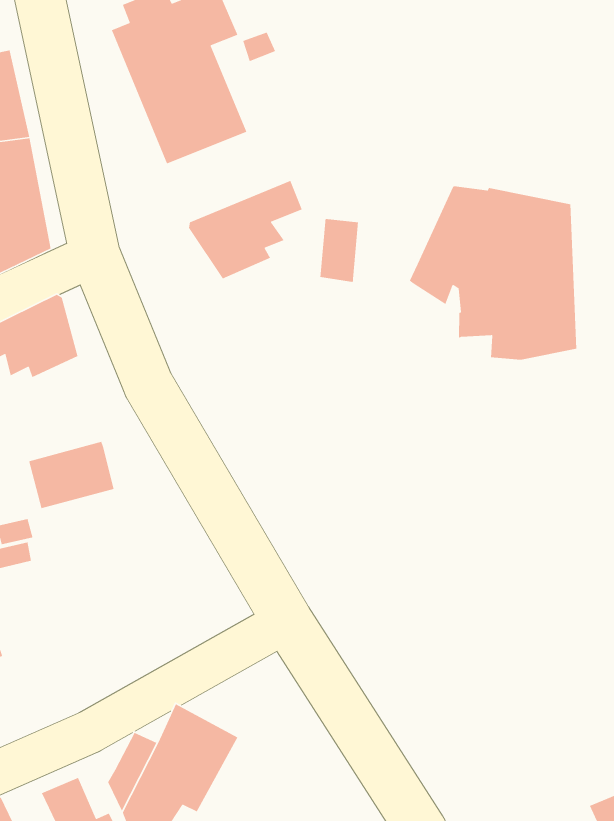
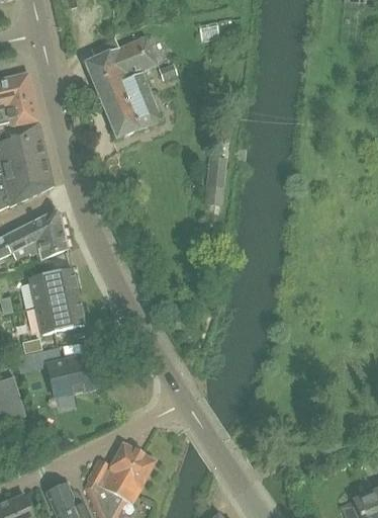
building: [188,180,303,280] -> none
building: [409,186,577,360] -> none
building: none -> [29,266,79,305]
building: none -> [52,352,102,397]

